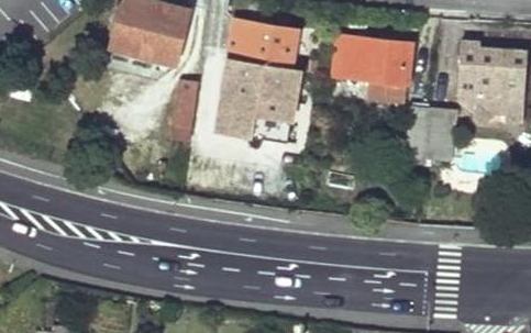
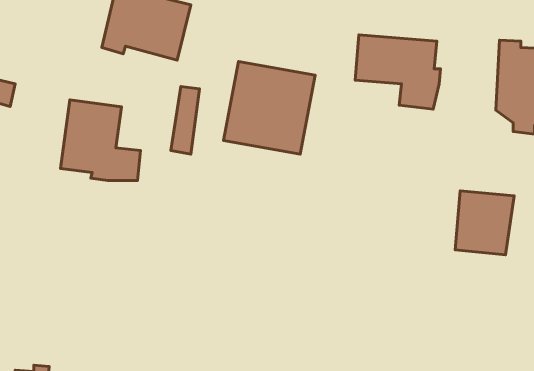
building: [232,21,292,68] -> none
building: none -> [60,100,140,181]
building: [406,106,457,162] -> [455,191,514,255]

